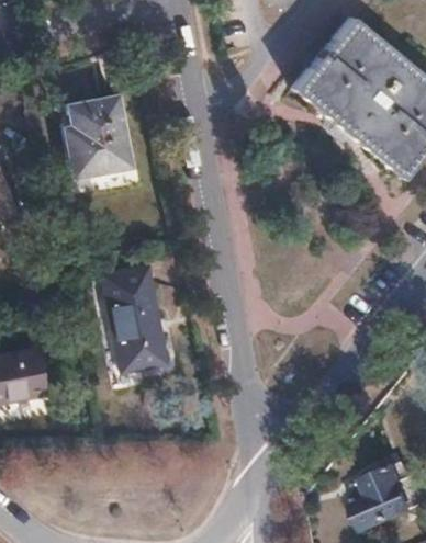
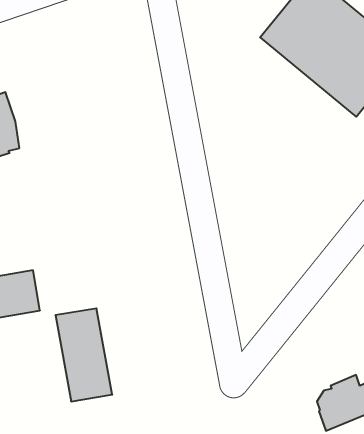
building: [64,93,130,176] -> none
building: [102,267,166,371] -> [55,308,112,401]

